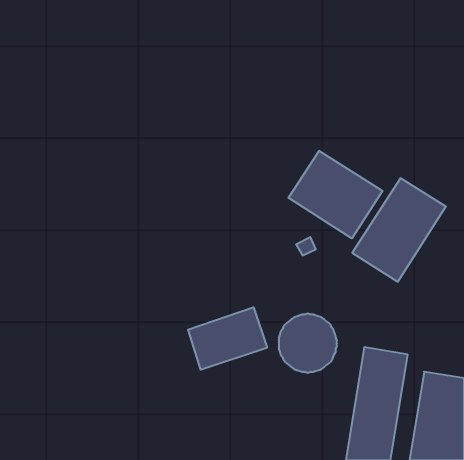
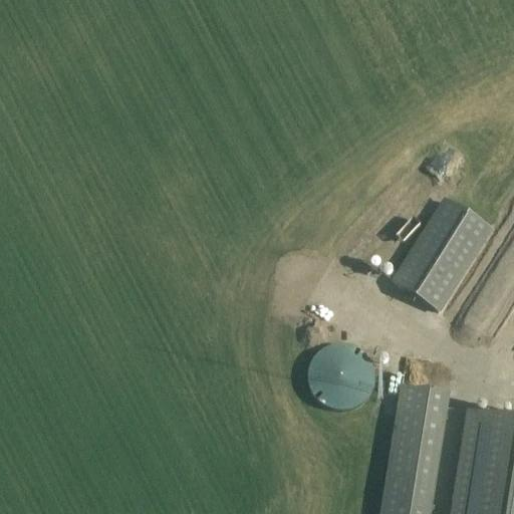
building: [288,151,382,238] -> none
building: [188,307,267,370] -> none

